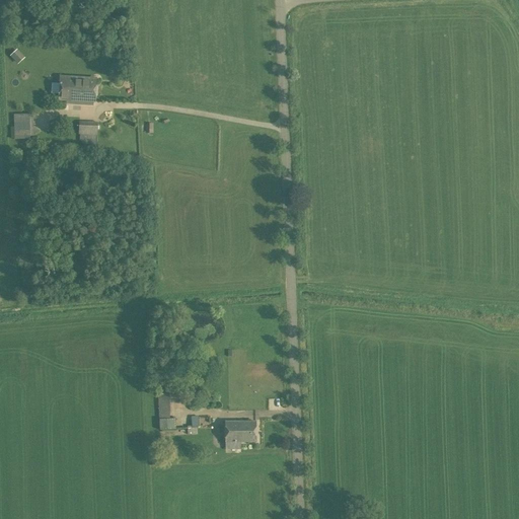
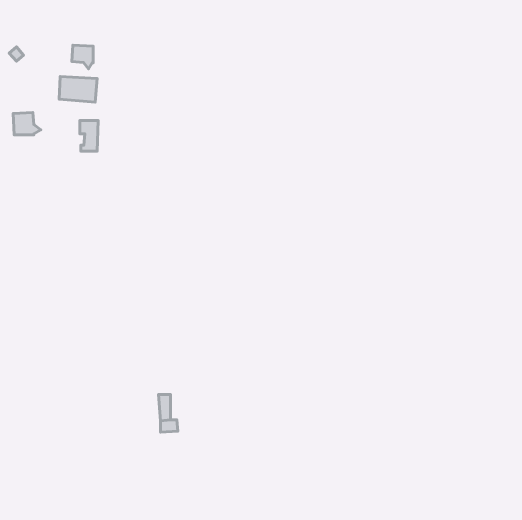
building: none -> [72,45,93,69]
building: [225,421,255,448] -> none

